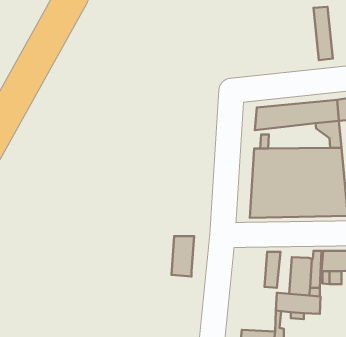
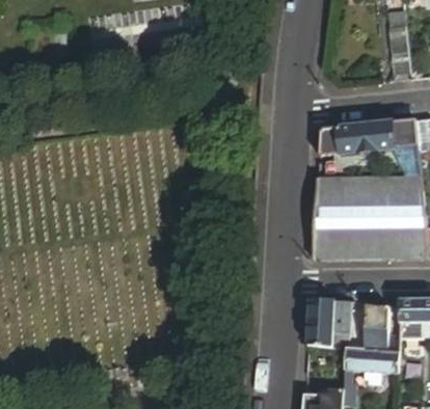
building: [171,236,194,277] -> [306,300,333,348]

